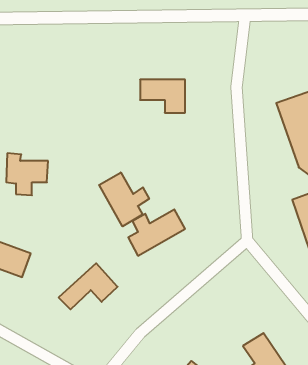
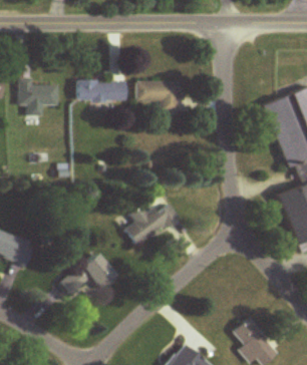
building: none -> [77,80,126,100]
building: [6,153,48,195] -> [19,77,58,116]
building: [99,172,149,226] -> none

